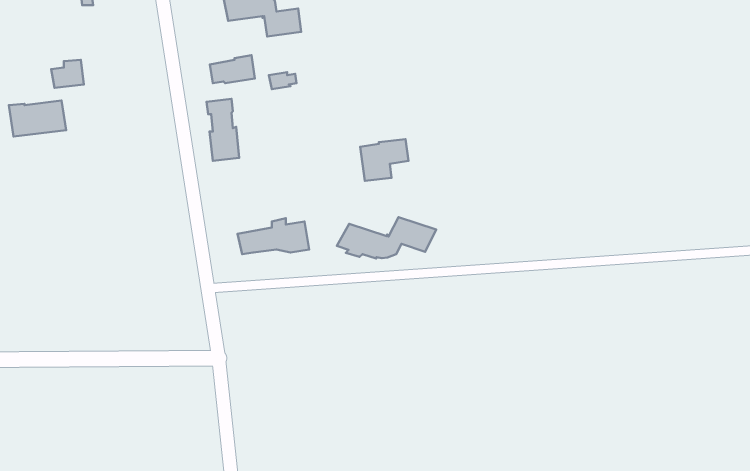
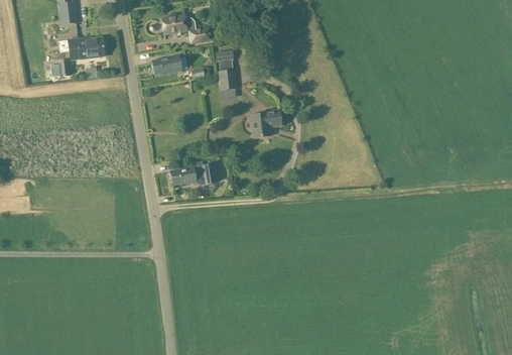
building: [207,99,239,161] -> [216,49,237,90]
building: [9,101,66,136] -> [68,36,105,60]
building: [337,217,436,259] -> none

